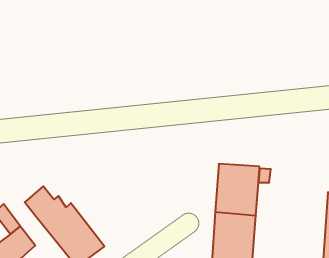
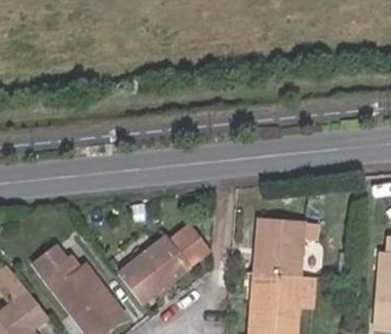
building: none -> [117,228,204,303]

